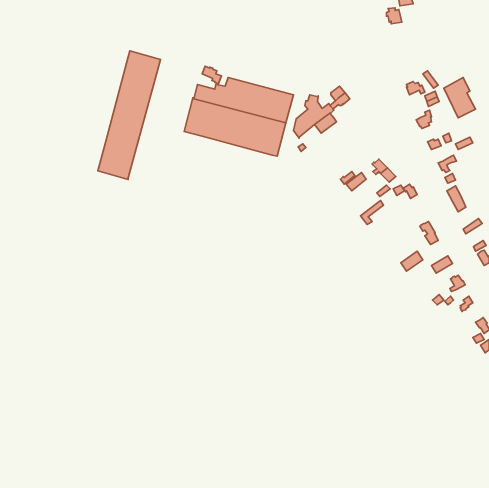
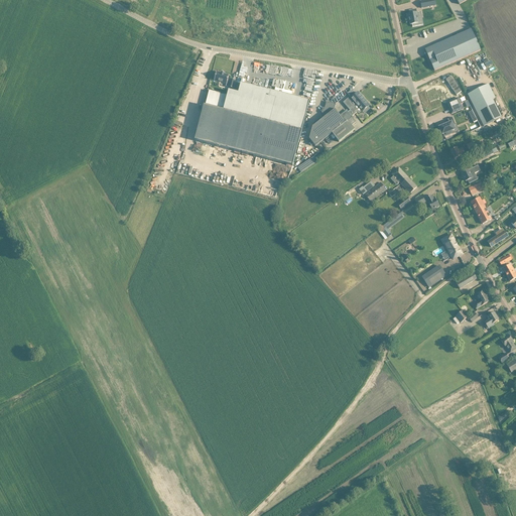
building: none -> [424,27,480,69]
building: [98,51,160,179] -> none

